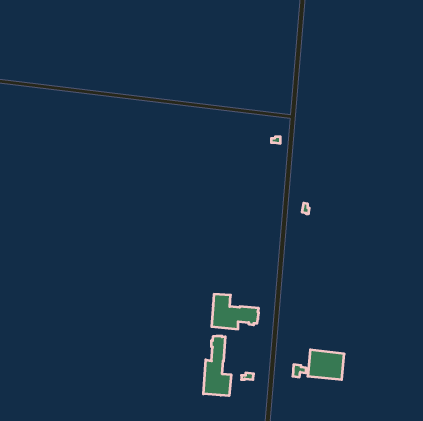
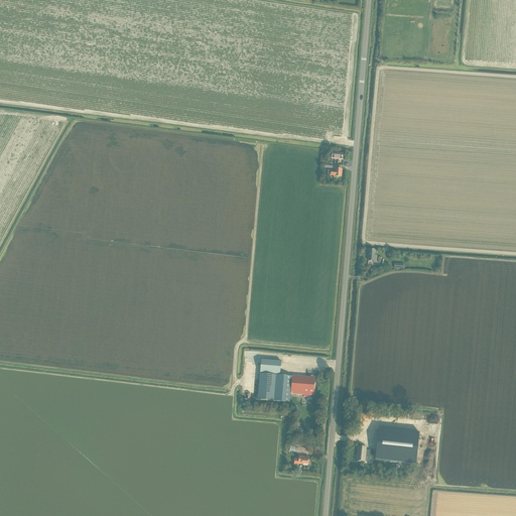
building: [203,336,231,396] -> none

